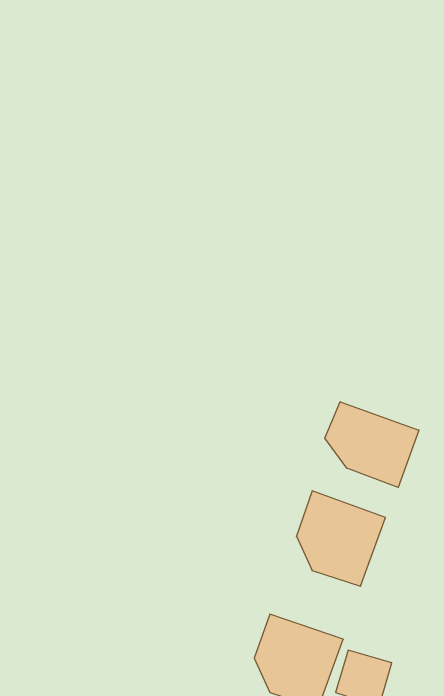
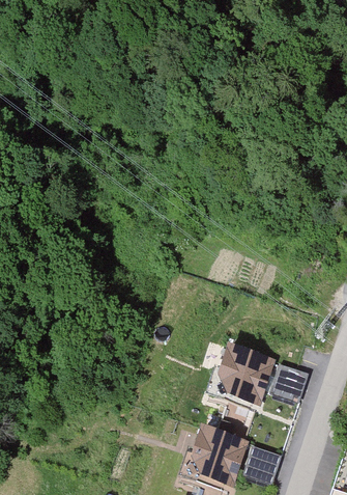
building: [325,402,419,487] -> none
building: none -> [270,364,309,402]

